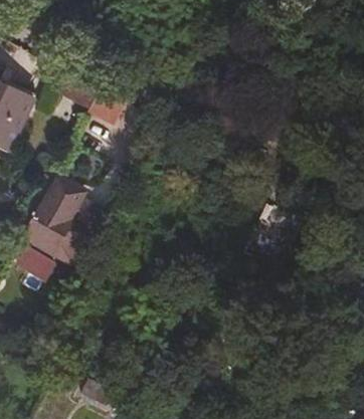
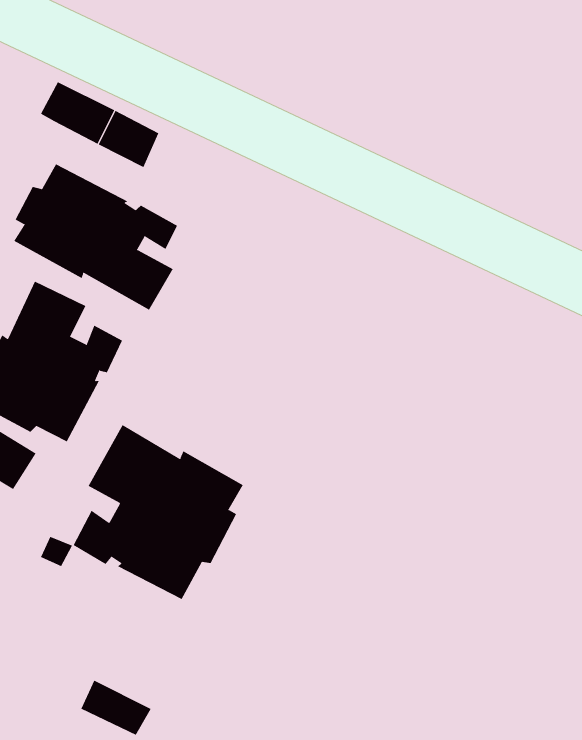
building: none -> [14,164,178,310]
building: none -> [73,424,244,600]

